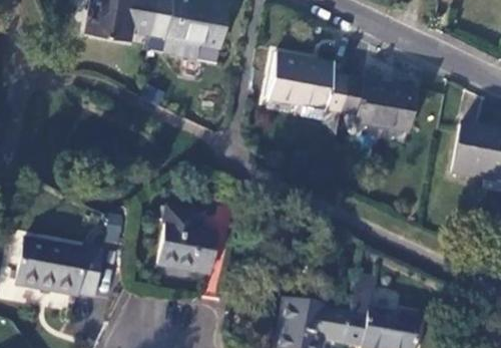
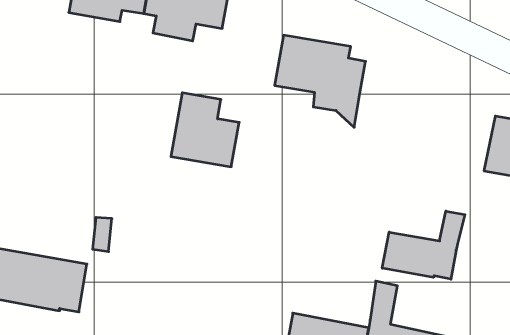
building: [342,78,417,130] -> none
building: none -> [382,211,465,279]
building: [157,211,217,276] -> [171,93,239,167]

